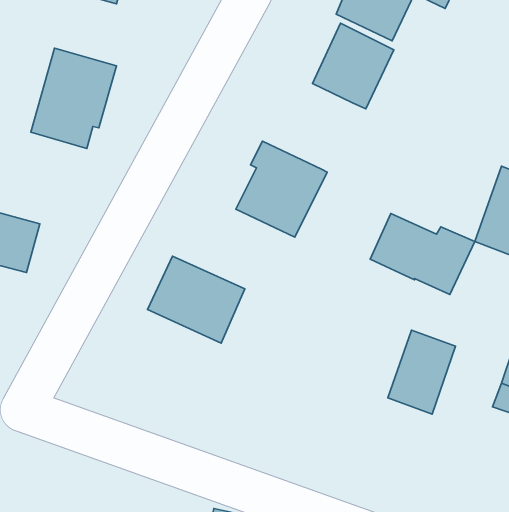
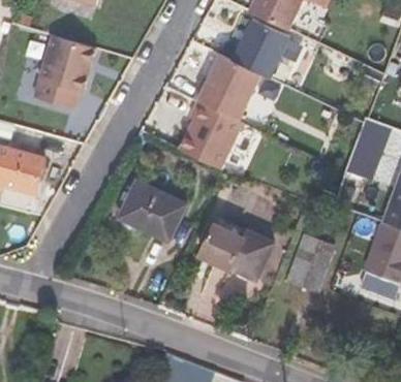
building: none -> [192,54,260,120]
building: [370,213,475,295] -> [199,223,273,280]

